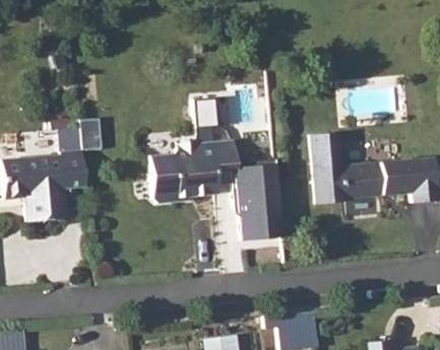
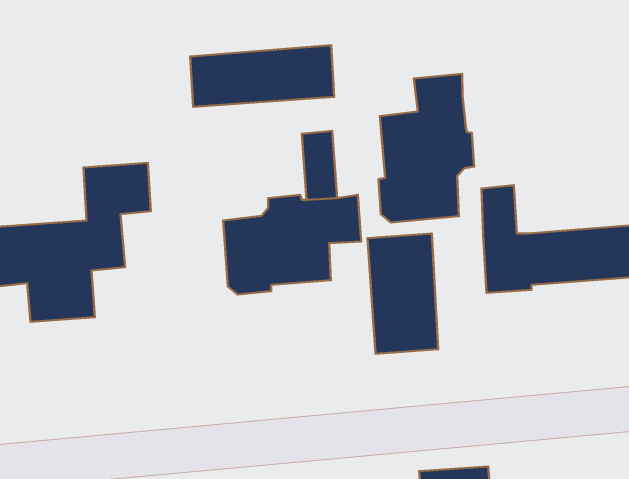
building: none -> [190,45,334,107]
building: none -> [378,74,474,223]

